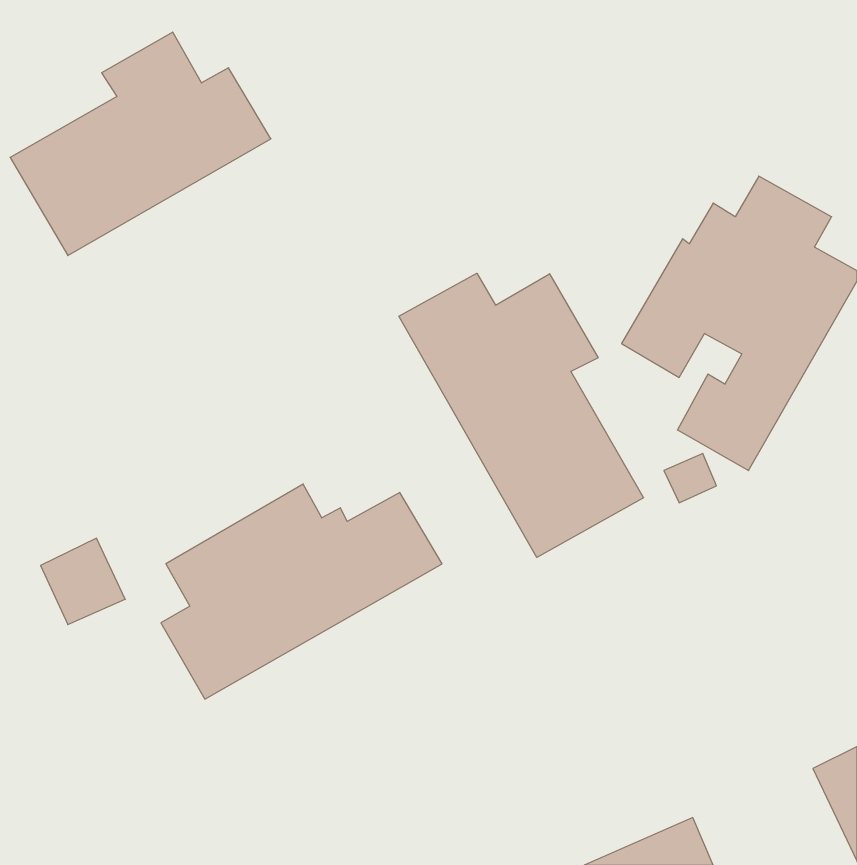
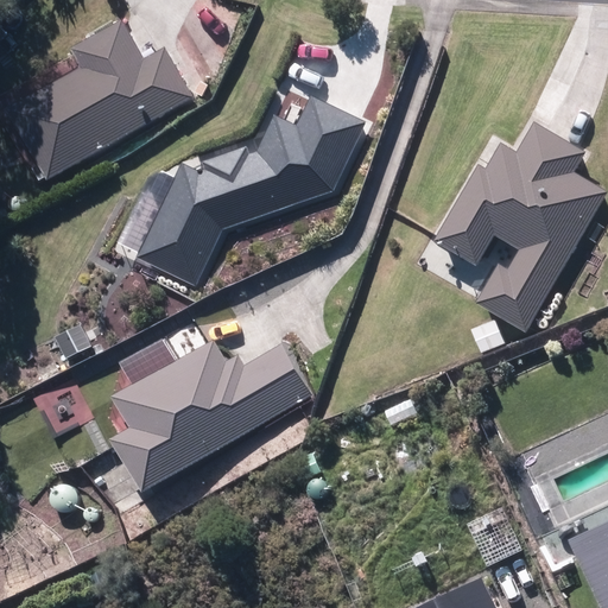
building: none -> [134,94,365,283]
building: [399,273,644,557] -> none

